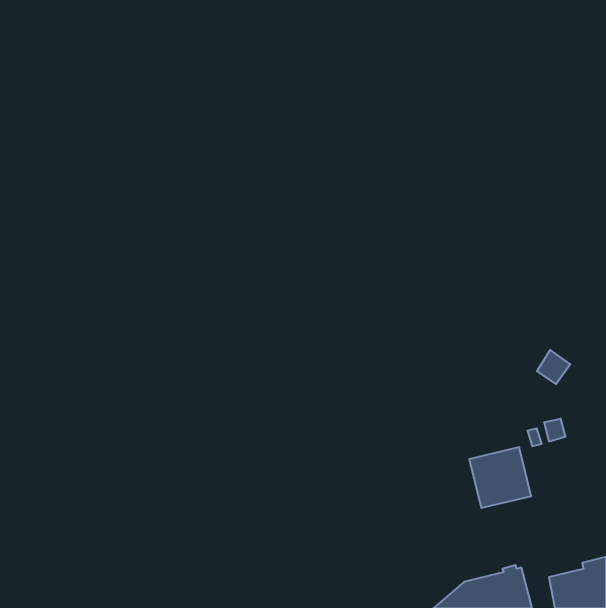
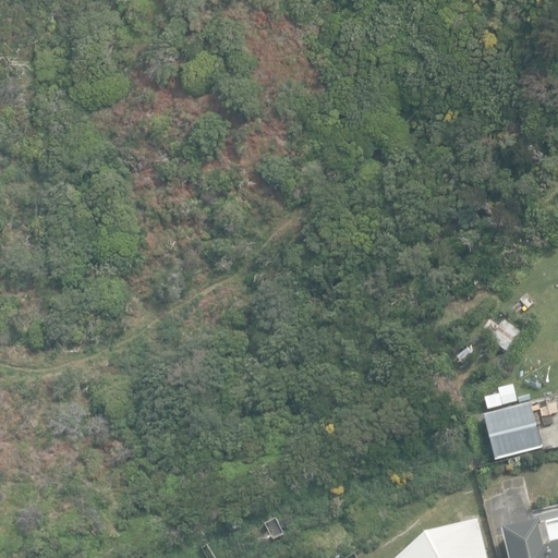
building: [469,447,531,508] -> [485,403,542,459]

